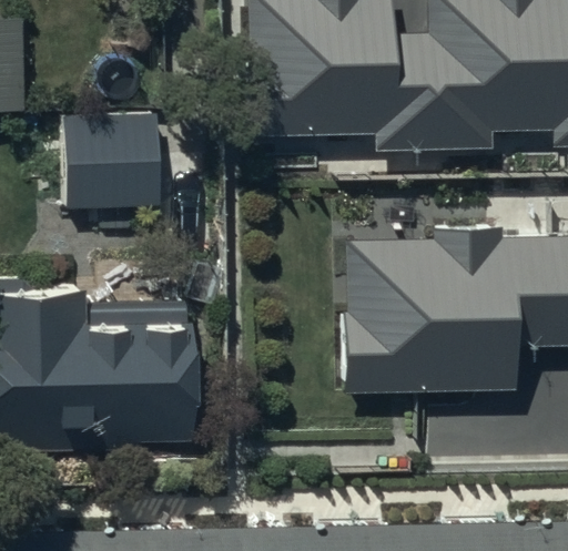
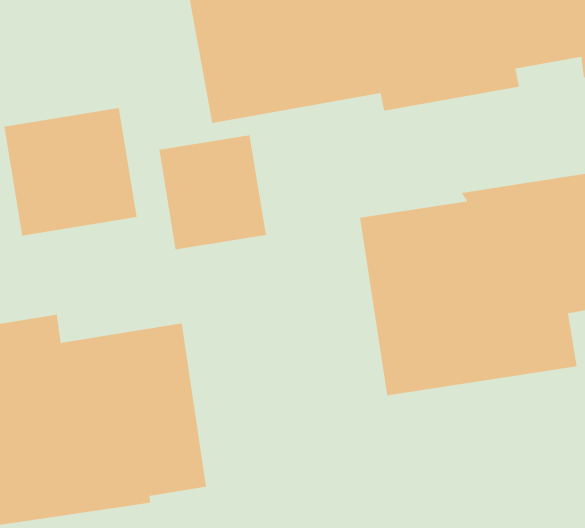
building: none -> [159,134,266,250]

